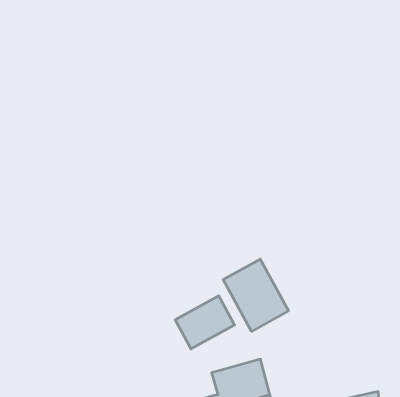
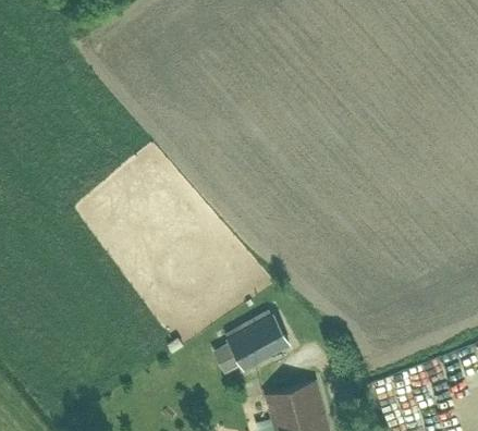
building: [223,259,288,331] -> none

